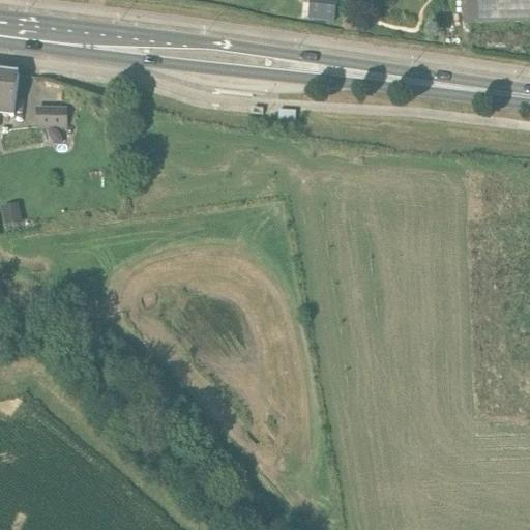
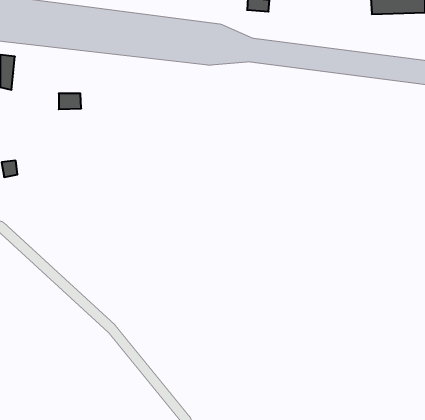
building: [37,104,65,123] -> [59,93,81,109]

